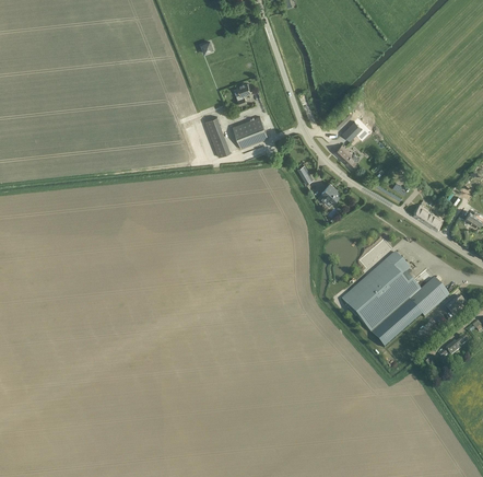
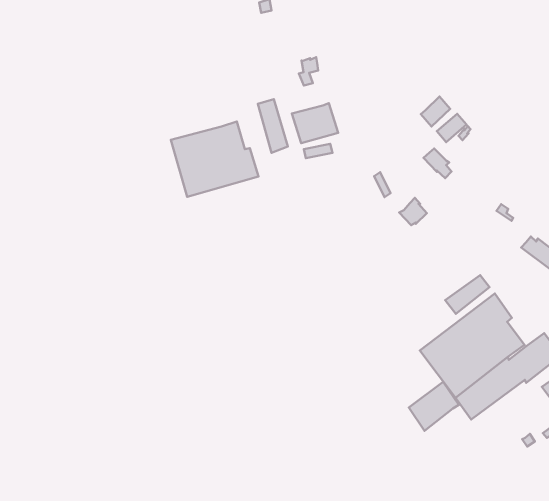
building: none -> [171,121,259,197]
building: none -> [409,382,459,431]

